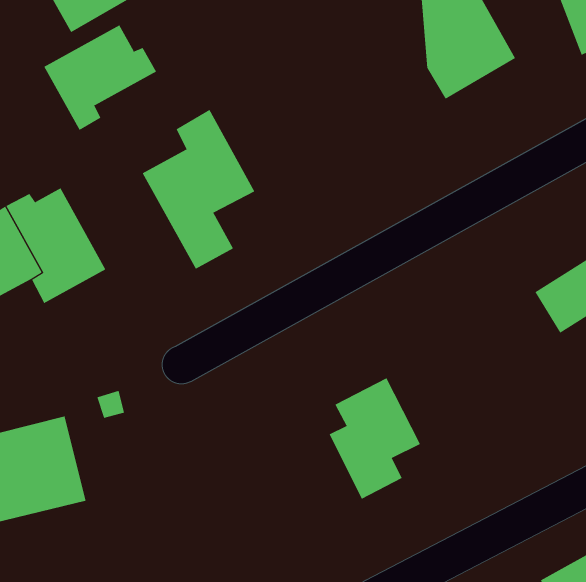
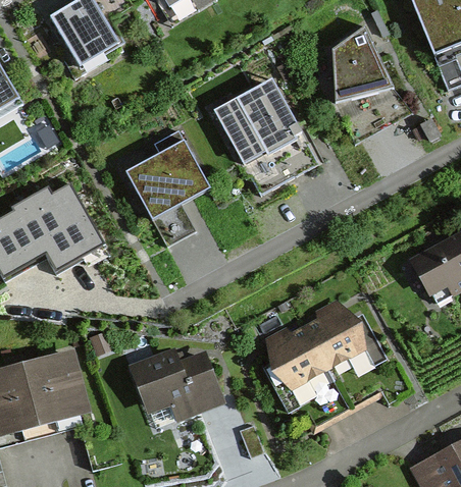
building: [43,24,157,131] -> none
building: none -> [224,74,319,192]
building: none -> [304,303,388,376]
building: none -> [131,347,222,420]

